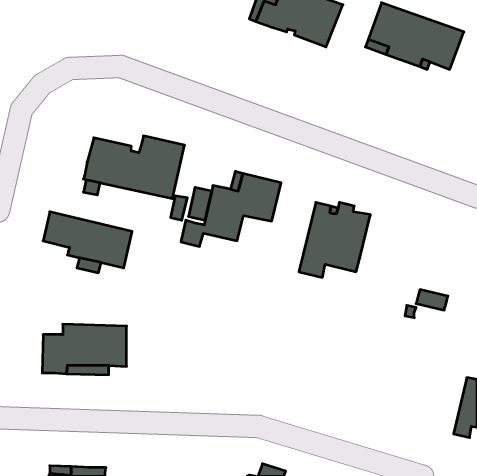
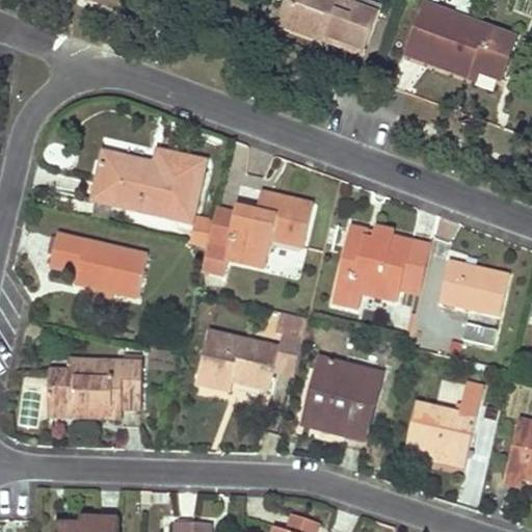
building: none -> [399,239,430,290]
building: none -> [438,258,508,315]
building: none -> [195,311,308,389]
building: none -> [302,356,381,437]
building: none -> [403,381,483,466]

